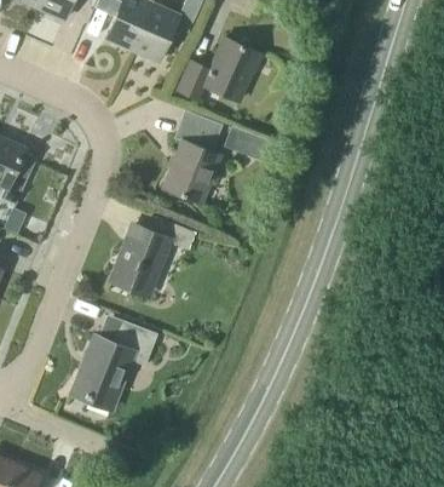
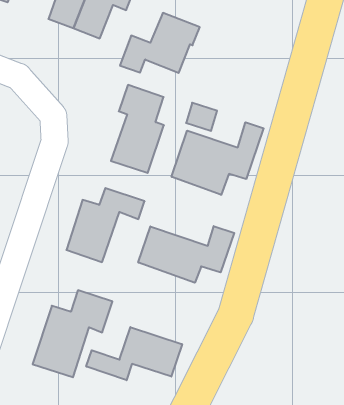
building: none -> [172,122,264,195]
building: none -> [138,226,234,283]
building: none -> [86,327,182,380]

